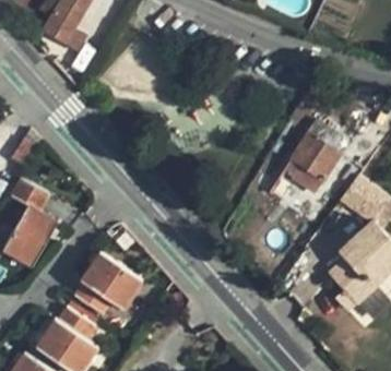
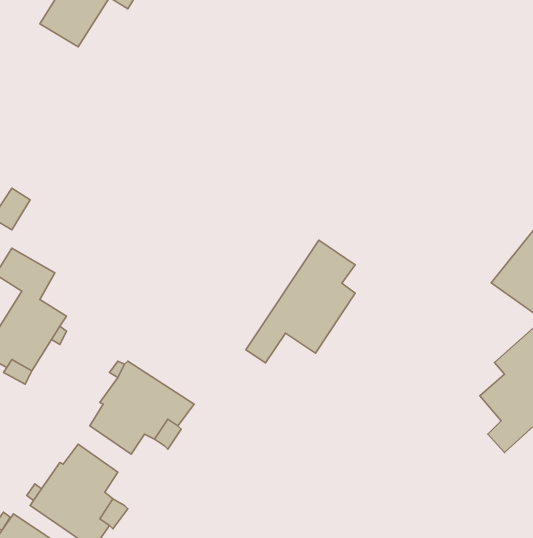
building: [269,121,341,202] -> [246,240,355,363]

